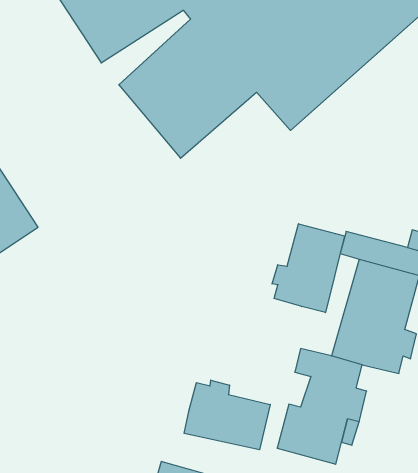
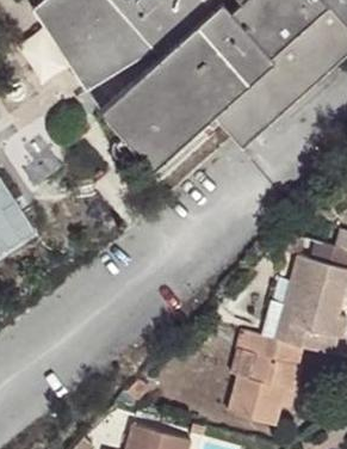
building: [272,224,345,313] -> none
building: [184,380,270,450] -> none

